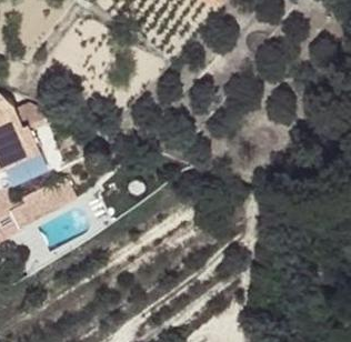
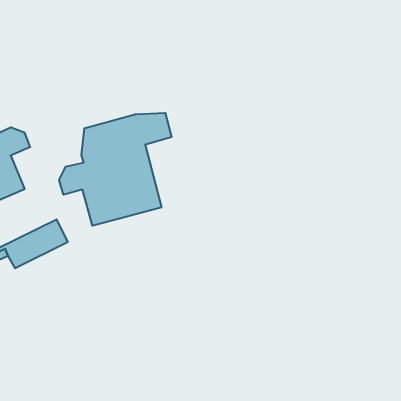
building: none -> [59,113,172,226]

